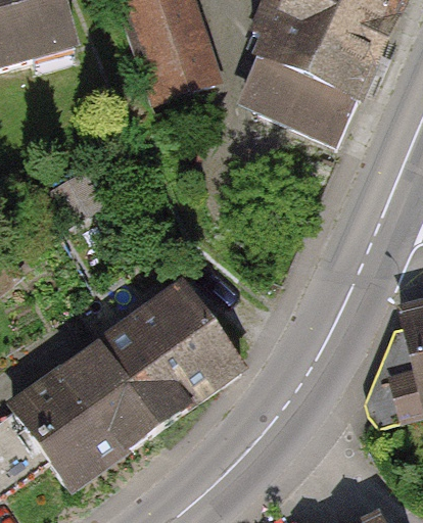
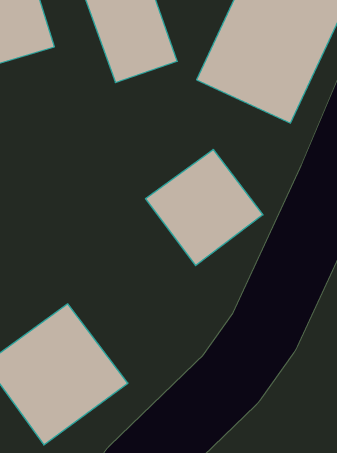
building: none -> [146,149,263,266]
building: [100,276,244,420] -> none

